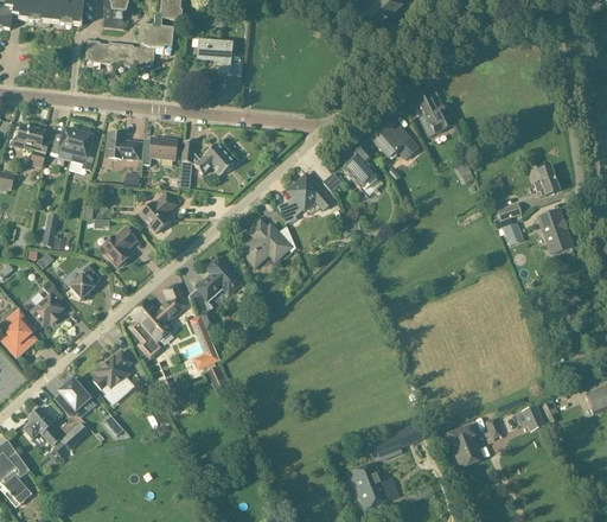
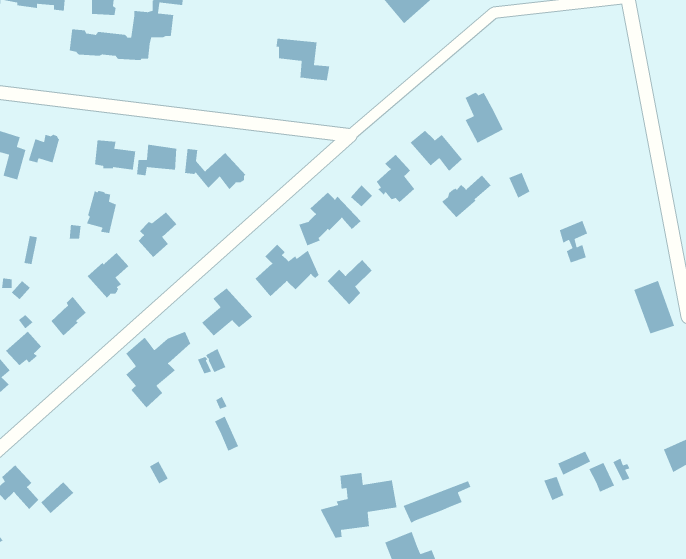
building: [197,38,243,75] -> [275,38,330,81]
building: [70,132,96,168] -> [86,190,117,234]
building: none -> [441,175,492,218]
building: [528,165,558,195] -> none
building: [536,208,571,254] -> [633,280,675,335]
building: none -> [327,259,373,305]
building: [94,351,132,390] -> none
building: [58,375,89,416] -> none
building: none -> [320,472,397,538]
building: [446,425,483,467] -> none

